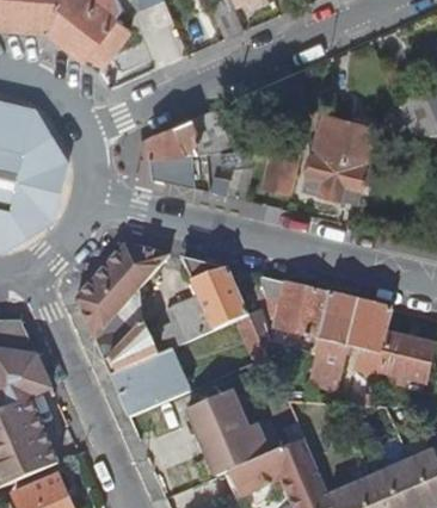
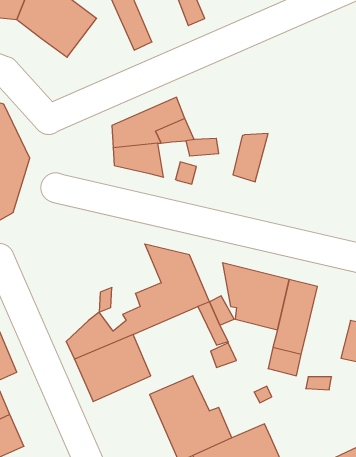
building: [310,117,382,204] -> none
building: [75,243,167,355] -> none
building: [345,299,389,374] -> none

